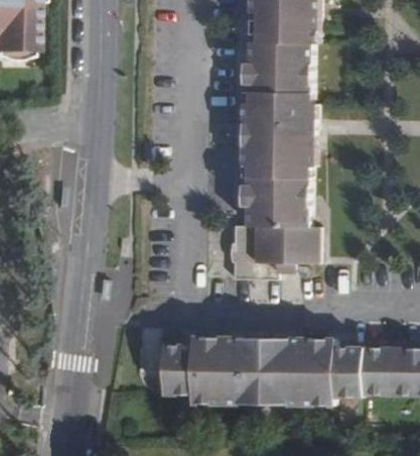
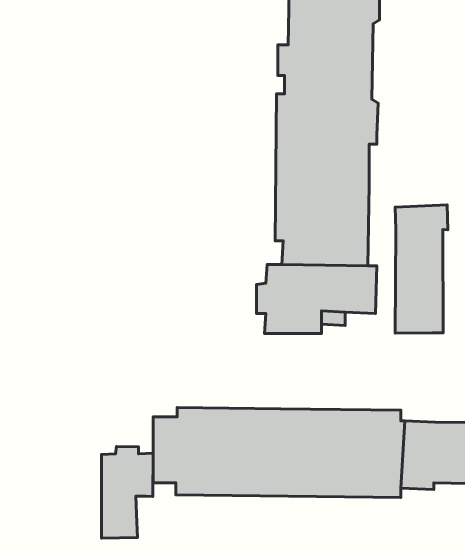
building: none -> [395,205,448,333]
building: none -> [101,447,153,538]

